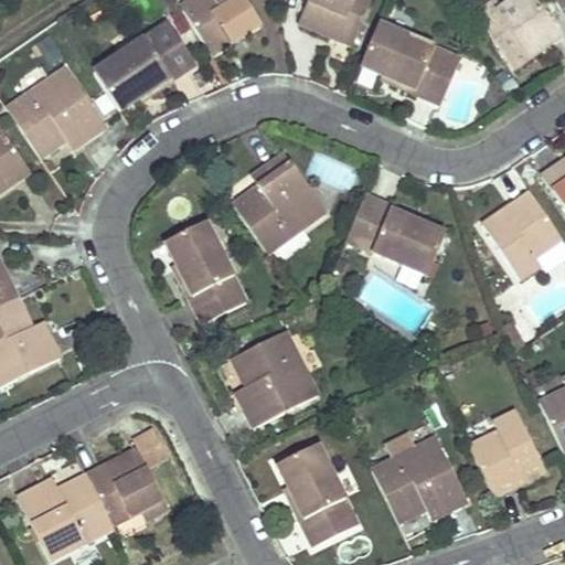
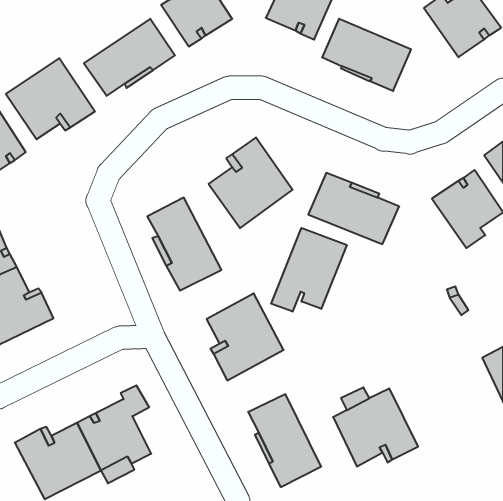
building: none -> [271,228,347,312]
building: [468,409,544,494] -> none

